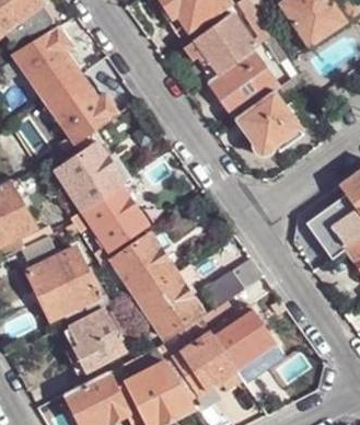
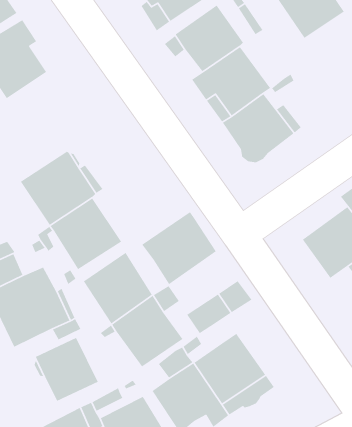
building: [43,73,117,141] -> none
building: none -> [141,211,217,285]

